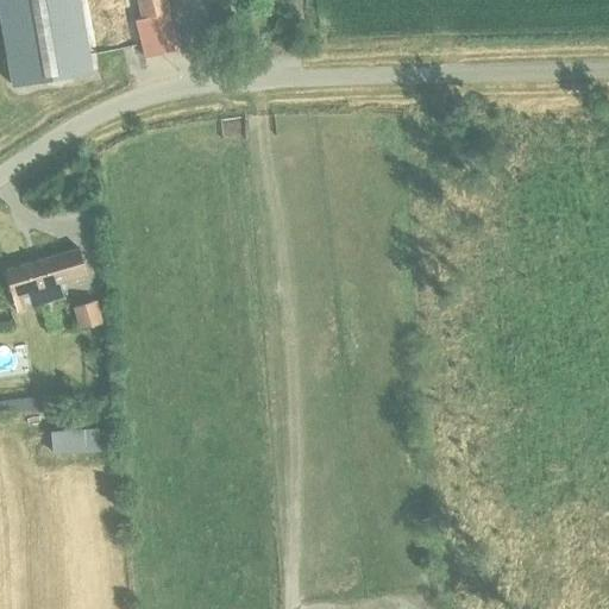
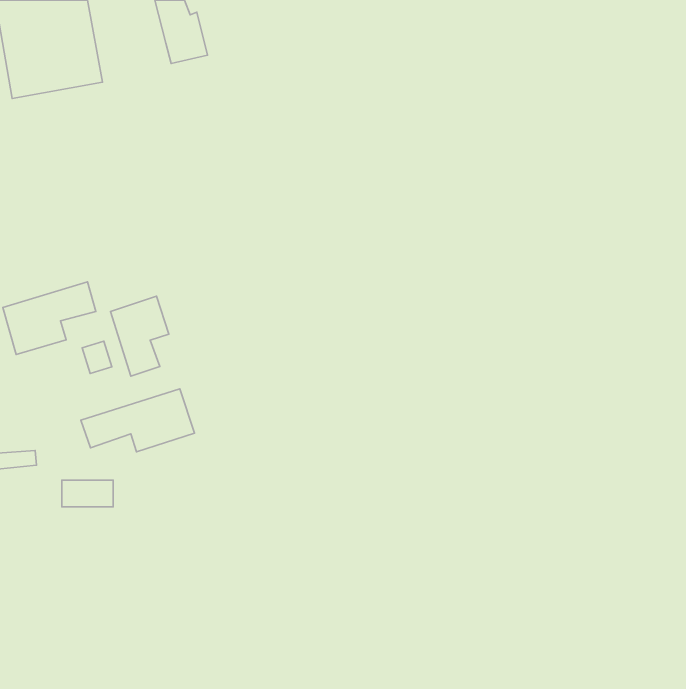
building: none -> [110,296,169,376]
building: none -> [81,389,195,452]

